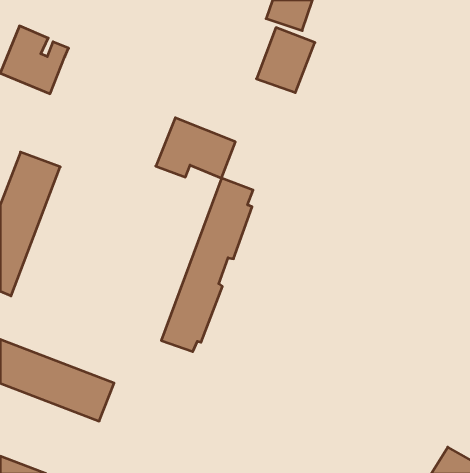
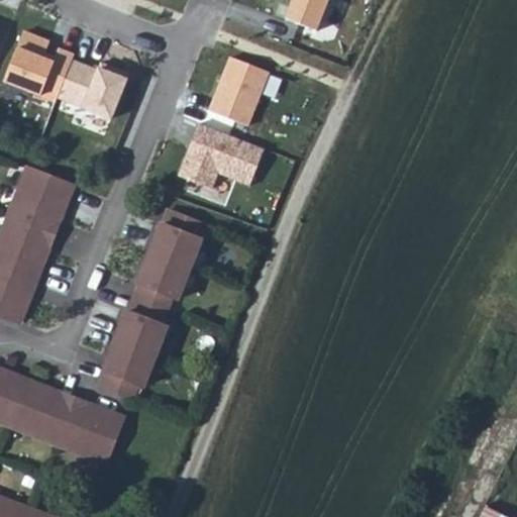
building: [256,28,315,93] -> [207,58,271,128]
building: none -> [59,63,125,122]
building: [161,178,253,352] -> [97,211,197,400]

